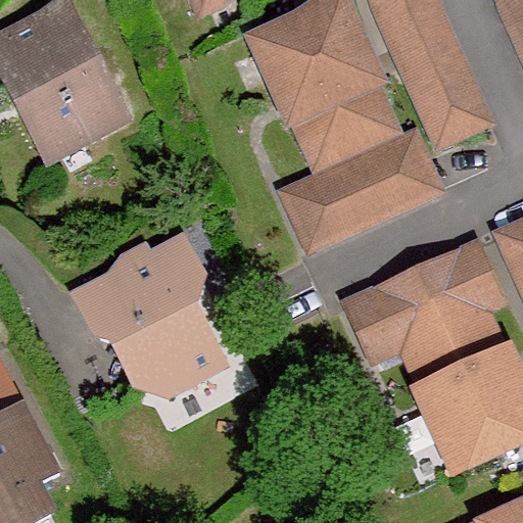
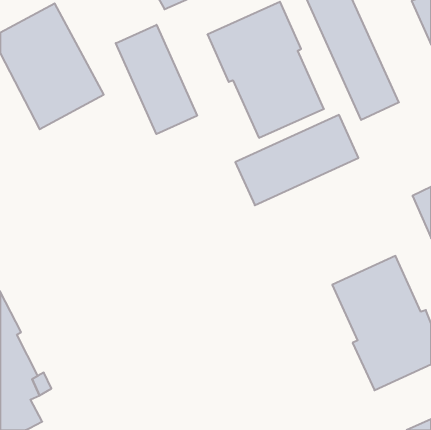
building: none -> [116,25,197,134]
building: [82,242,230,394] -> none
building: [347,249,497,360] -> none

